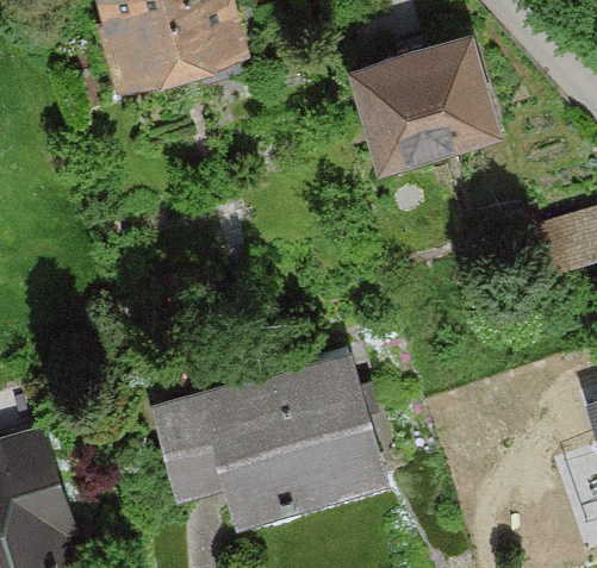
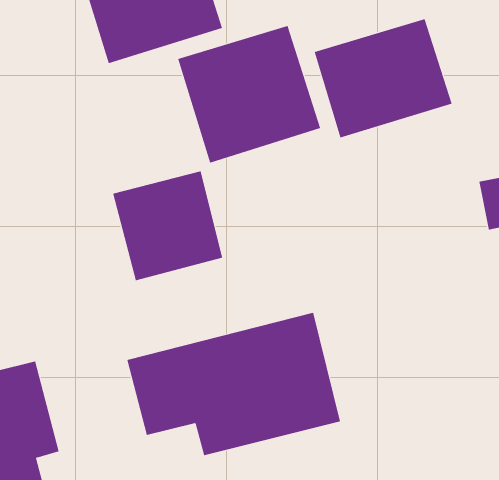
building: none -> [178,25,321,163]
building: none -> [112,171,223,281]

